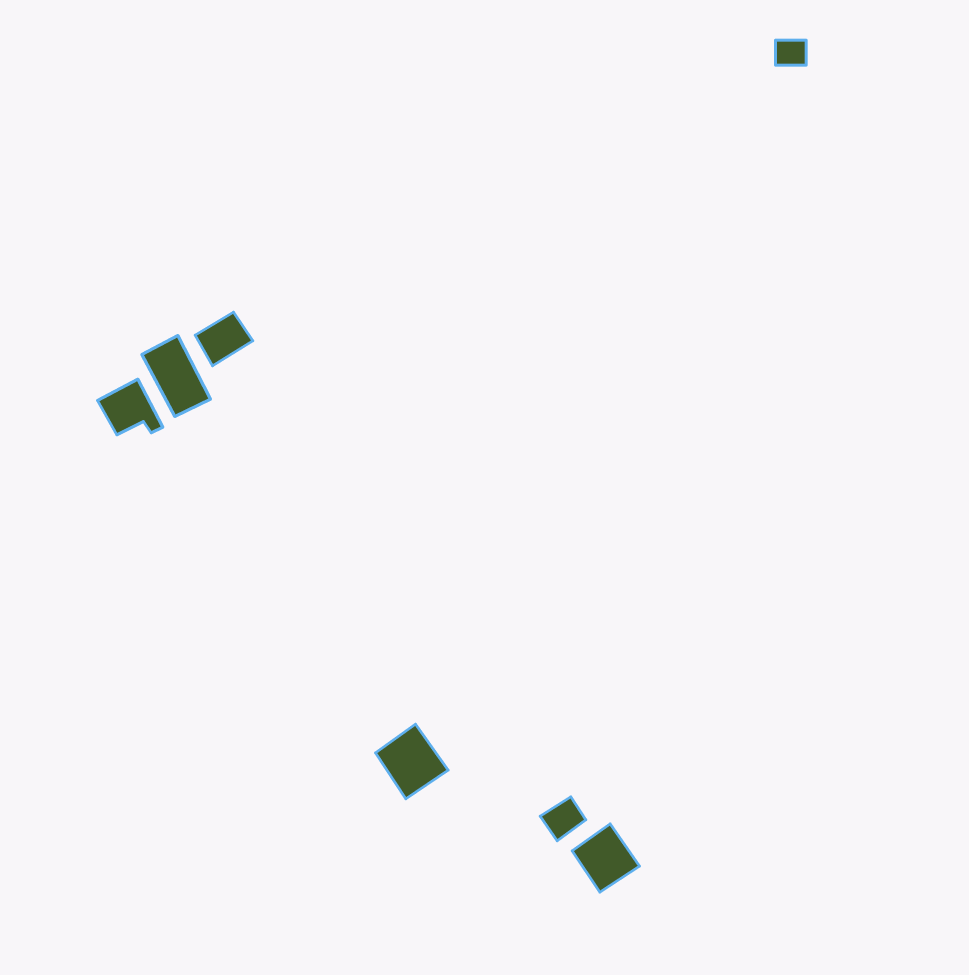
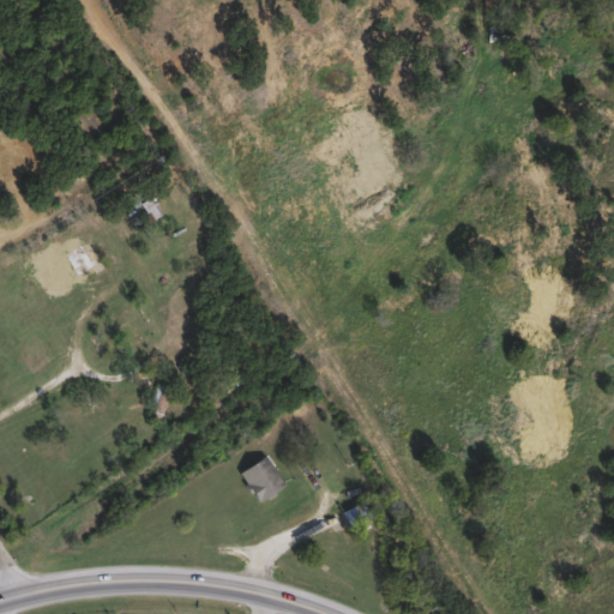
building: [142,336,210,416] -> none
building: [572,824,639,892] -> none

